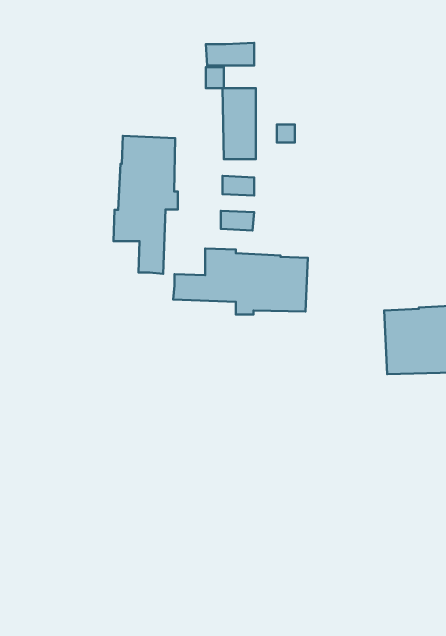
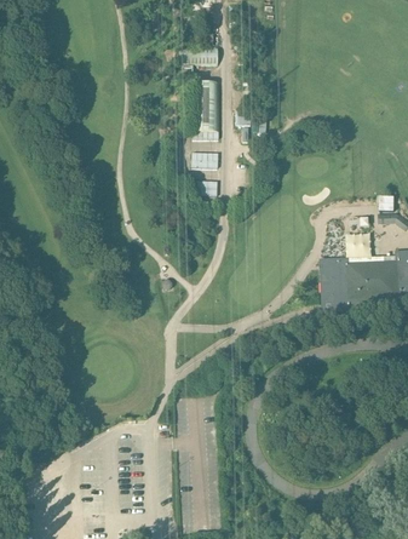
building: [113,136,178,274] -> none
building: [173,248,308,315] -> none

